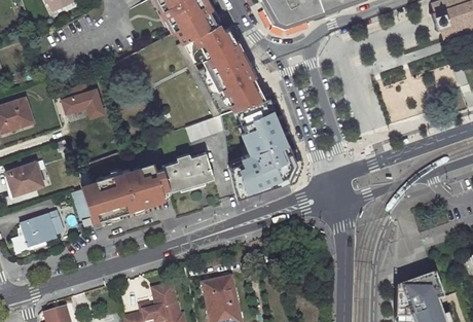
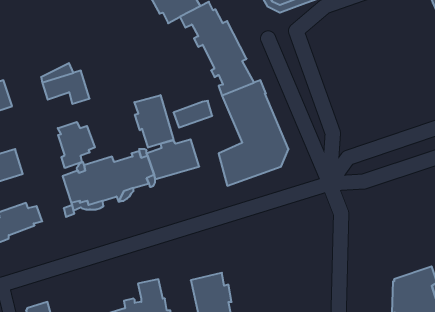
building: none -> [134,95,173,148]
building: none -> [58,122,95,168]

